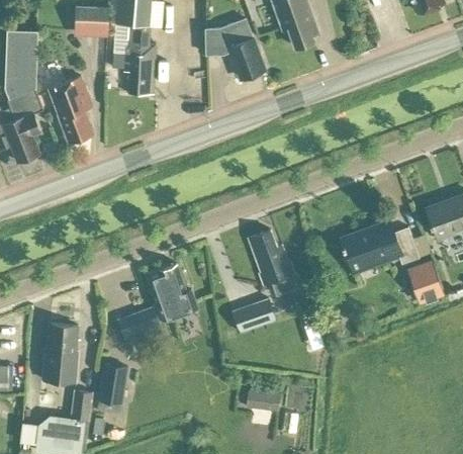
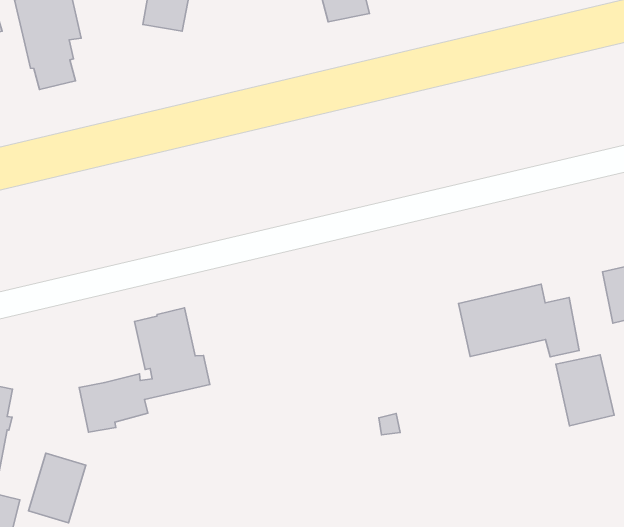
building: [249,230,294,294] -> none
building: [232,297,276,333] -> none

